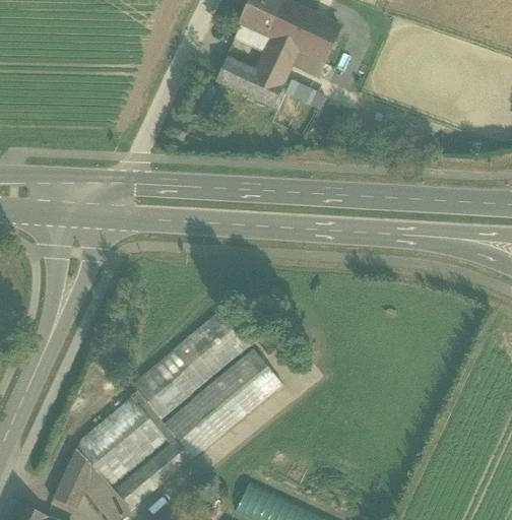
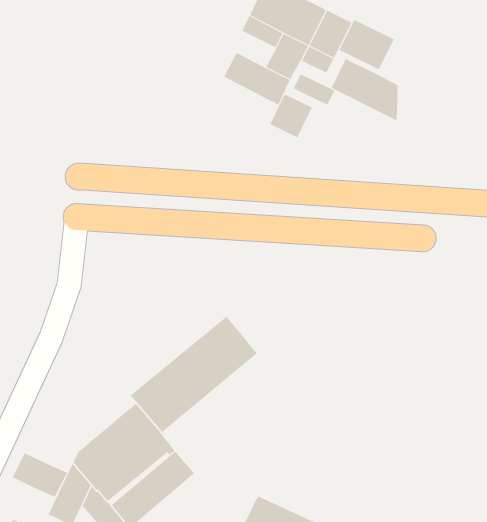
building: none -> [339,19,394,70]
building: none -> [331,58,398,121]
building: none -> [270,94,313,138]
building: [161,348,282,460] -> none
building: none -> [12,452,68,498]

